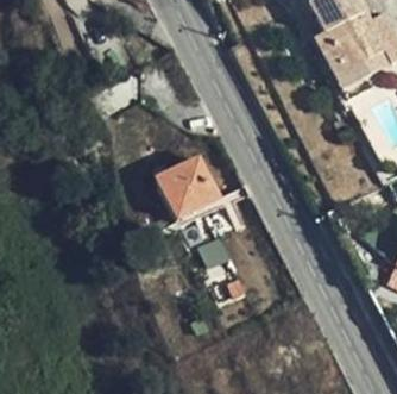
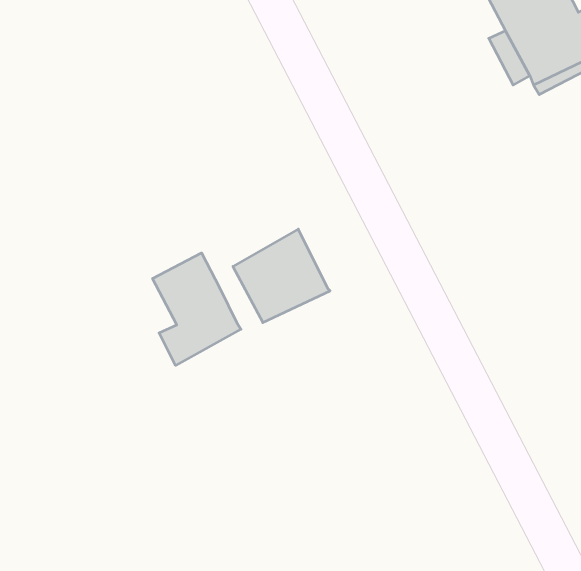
building: none -> [153,253,241,365]

